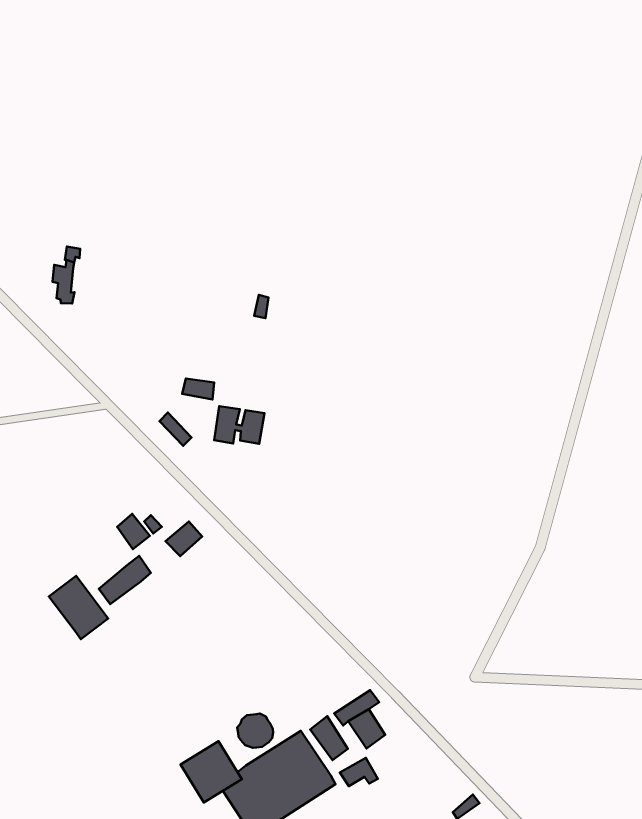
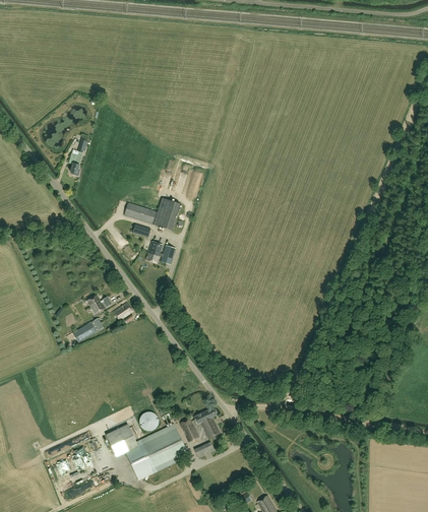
building: none -> [124,198,179,230]
building: [49,576,108,639] -> none

